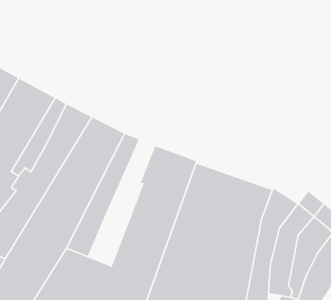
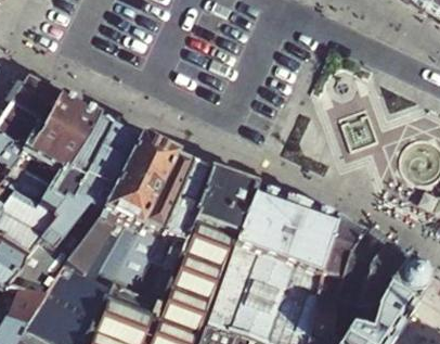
building: none -> [133,164,206,303]

